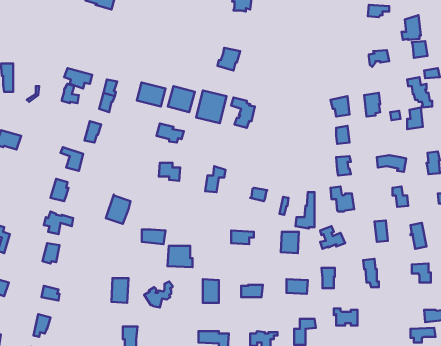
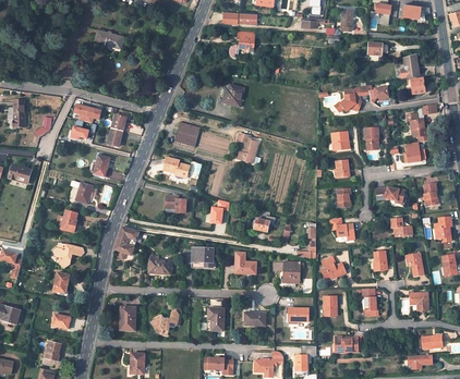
building: none -> [336,85,368,112]
building: [137,82,166,107] -> none
building: [196,91,227,123] -> none
building: [168,246,192,267] -> [192,248,216,269]

